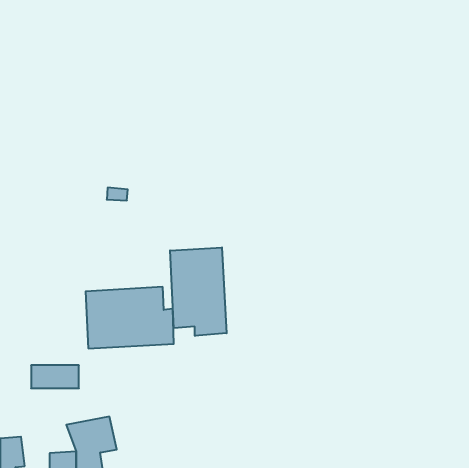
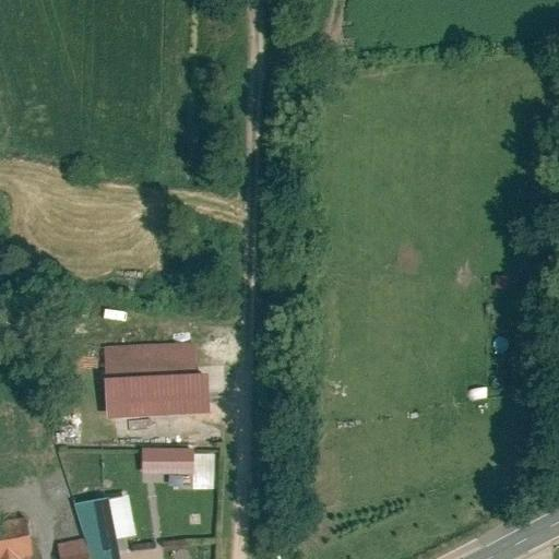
building: [170,247,227,336] -> none
building: [31,365,79,388] -> [136,451,193,478]

